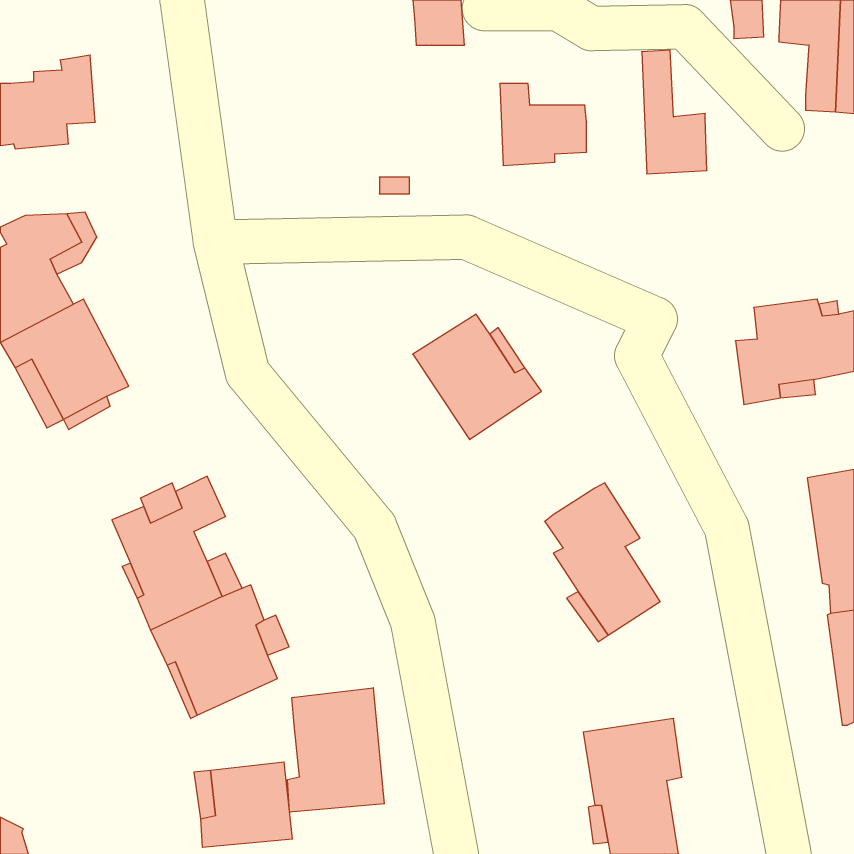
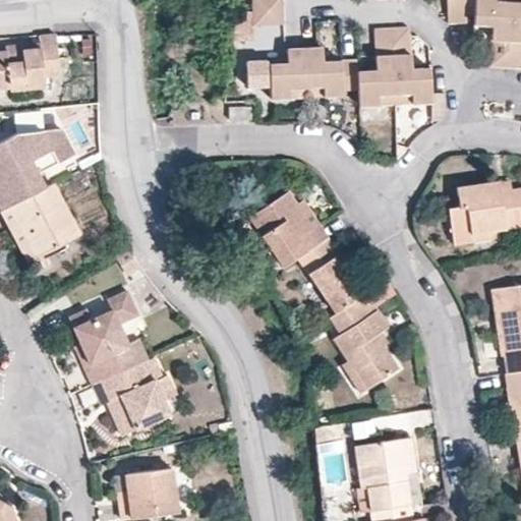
building: none -> [357,32,394,108]
building: none -> [268,51,306,102]
building: none -> [311,255,362,313]
building: [288,688,384,812] -> none

